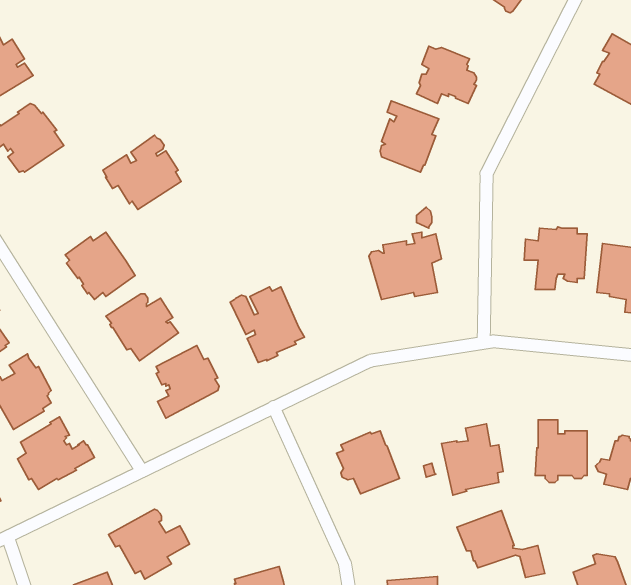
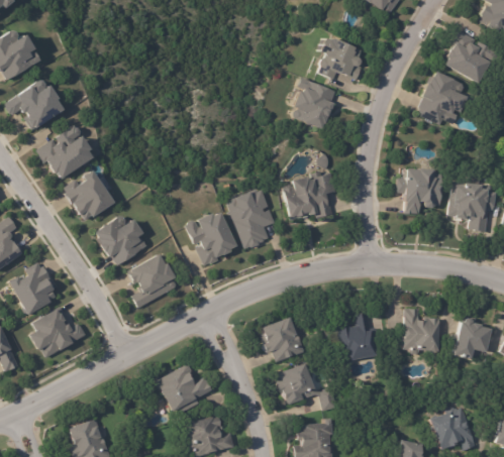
building: none -> [416,72,467,124]
building: [103,135,181,209] -> [36,125,93,179]
building: none -> [226,189,277,249]
building: [108,509,190,579] -> [154,363,212,414]
building: [457,510,545,578] -> [275,361,338,410]

